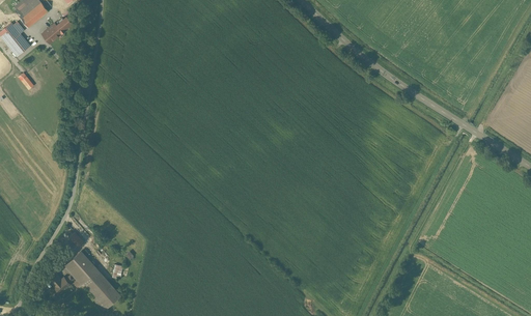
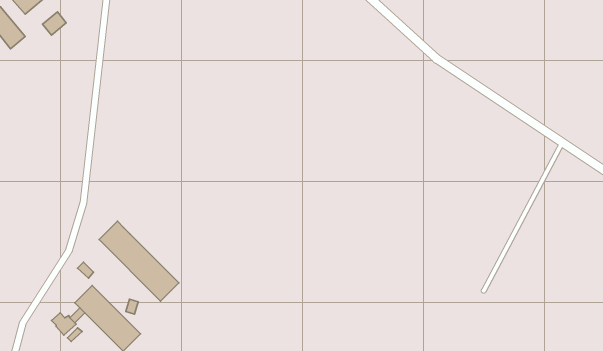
building: none -> [99,221,179,301]

